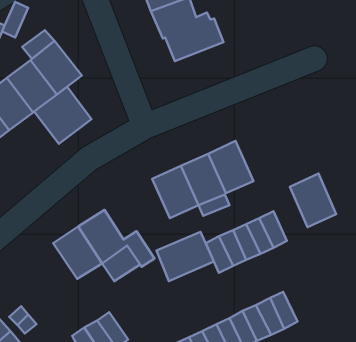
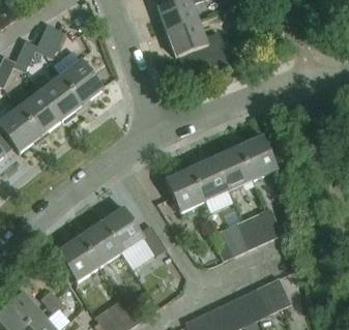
building: [34,87,91,144] -> none
building: [290,174,336,227] -> [237,134,278,181]
building: [157,232,214,281] -> none
building: none -> [56,235,99,281]

